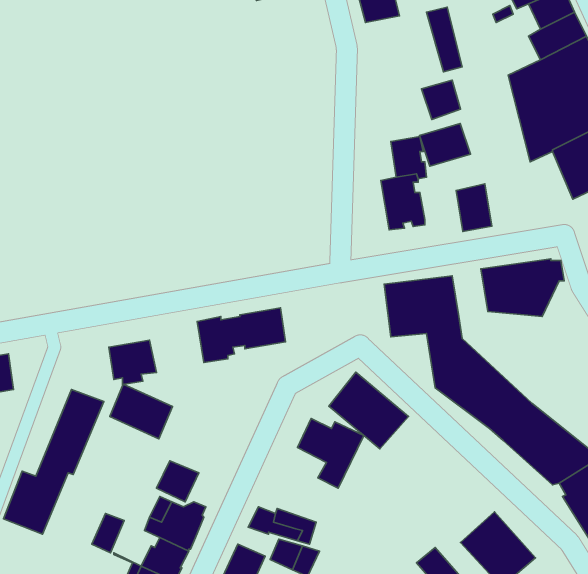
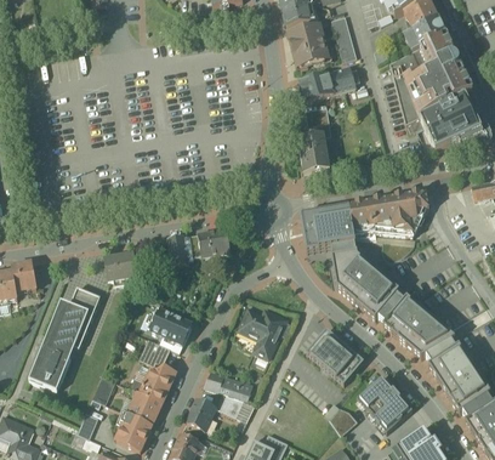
building: none -> [290,23,326,64]
building: [420,124,471,166] -> [298,72,335,102]
building: [456,184,492,231] -> [349,200,375,234]
building: [329,372,409,449] -> [307,326,364,381]
building: [110,384,173,439] -> [147,306,192,345]

